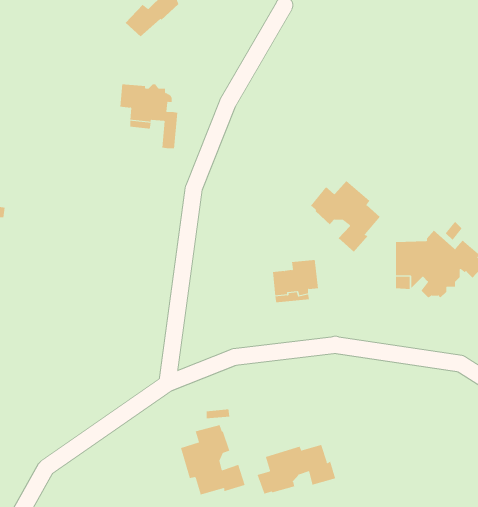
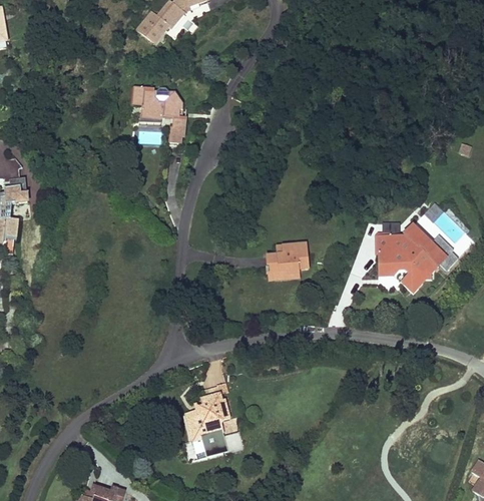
building: [310,180,381,253] -> none
building: [257,444,336,494] -> none

